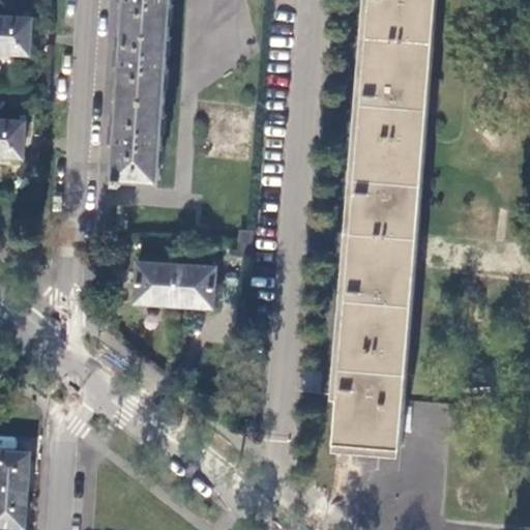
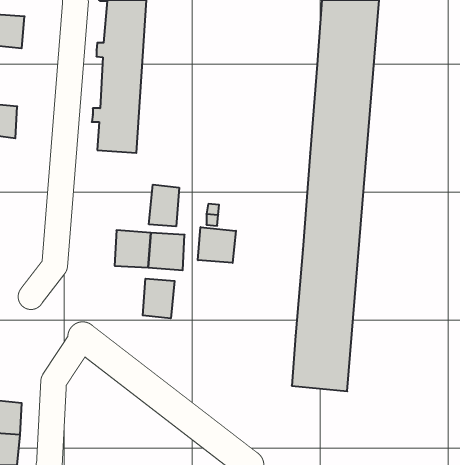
building: none -> [149,185,179,226]
building: none -> [198,227,236,263]
building: none -> [143,279,175,318]

